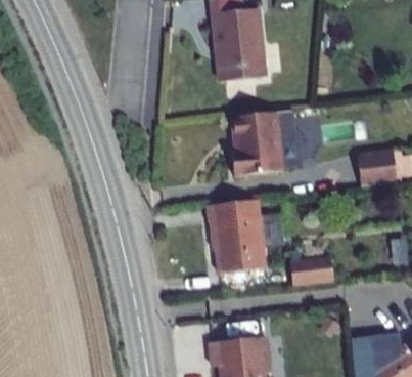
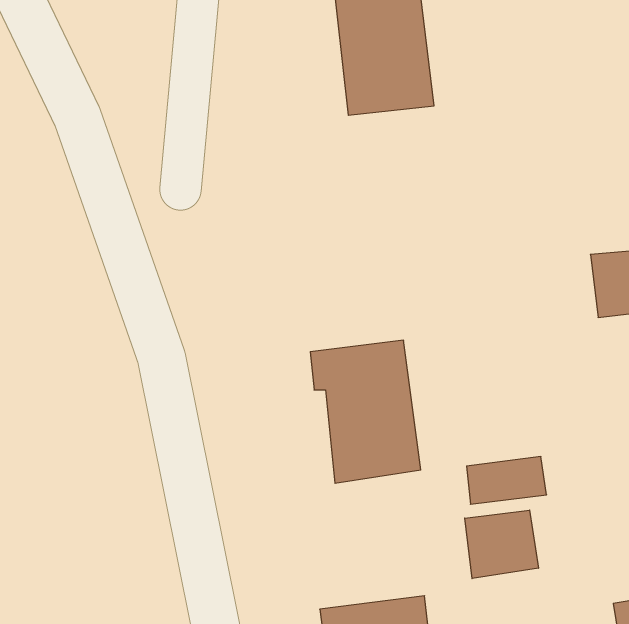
building: [227,111,280,177] -> none
building: none -> [465,510,538,579]

